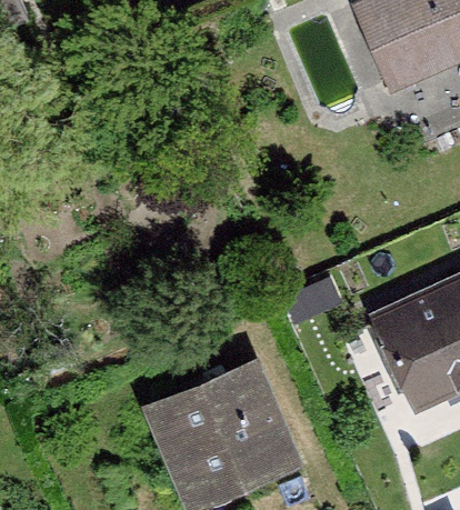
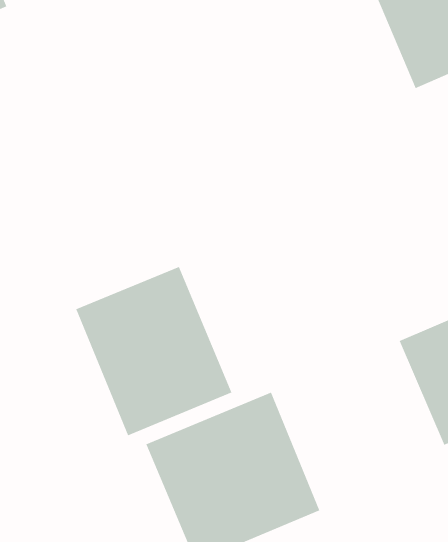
building: none -> [75,266,232,436]

